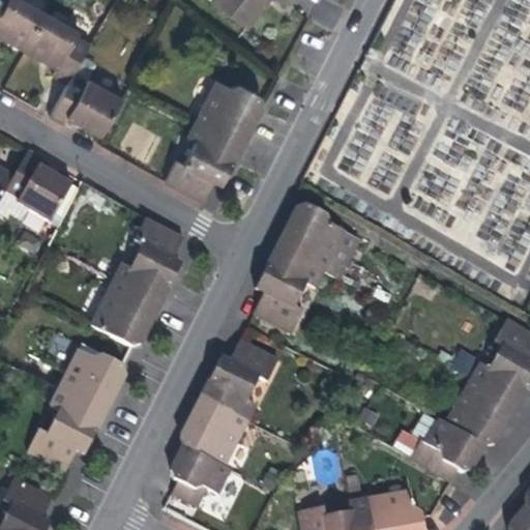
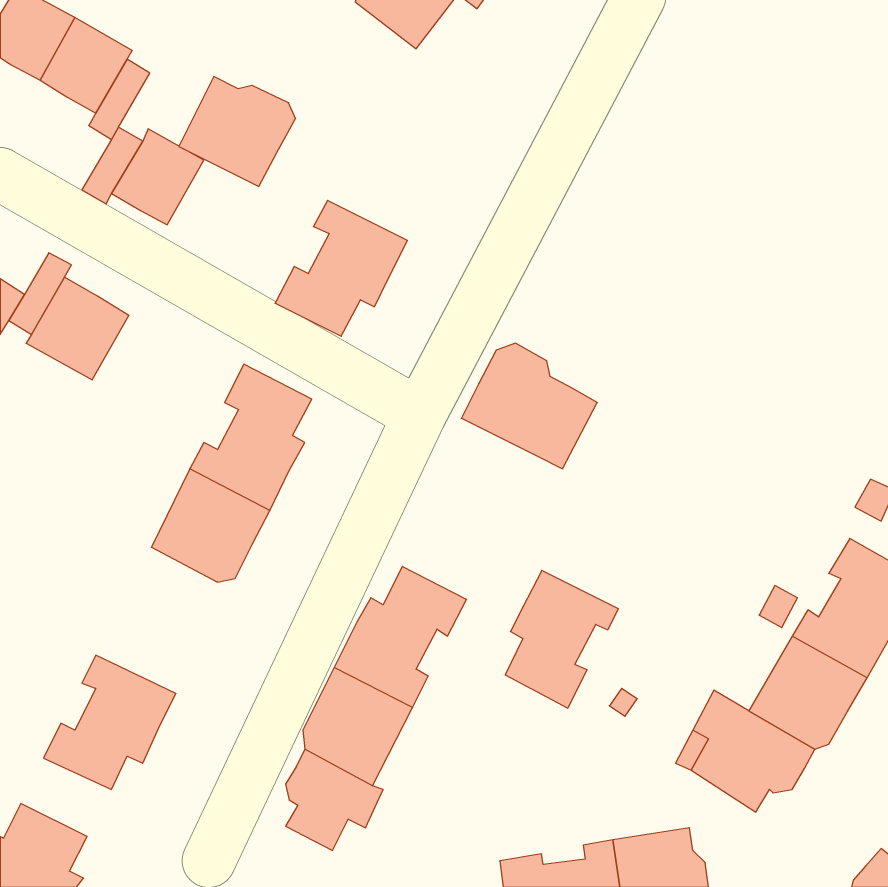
building: [196,78,265,143] -> [179,77,296,186]
building: [254,248,321,330] -> [505,570,618,708]
building: [58,349,126,412] -> none

